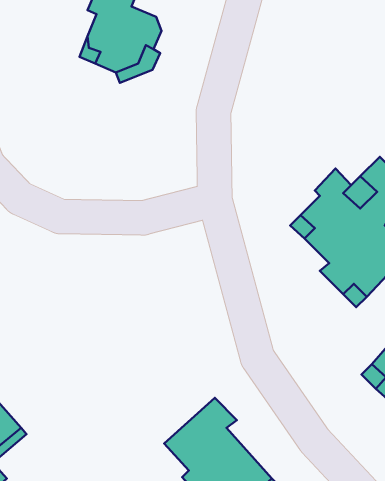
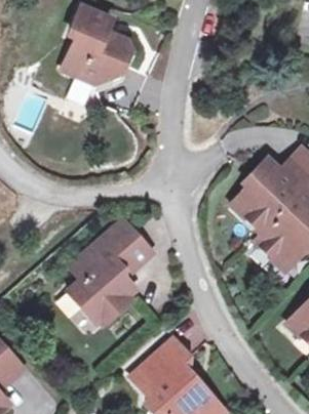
building: none -> [69,218,151,321]

